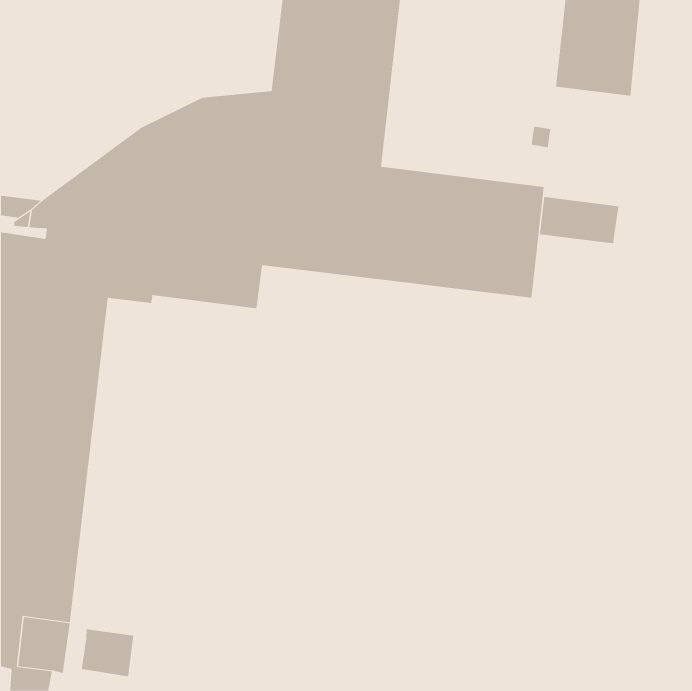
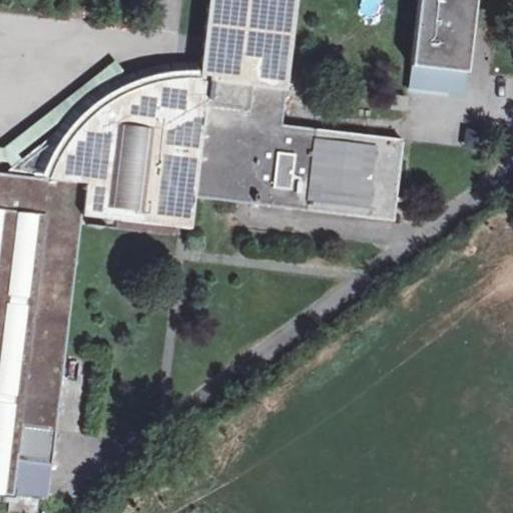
building: [539,197,619,244] -> [408,64,467,99]
building: [81,629,134,677] -> none

